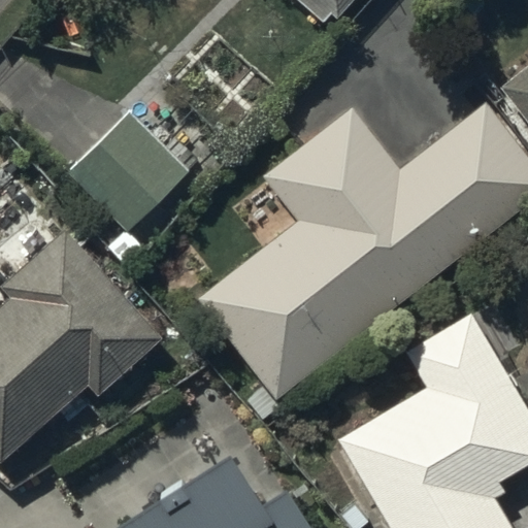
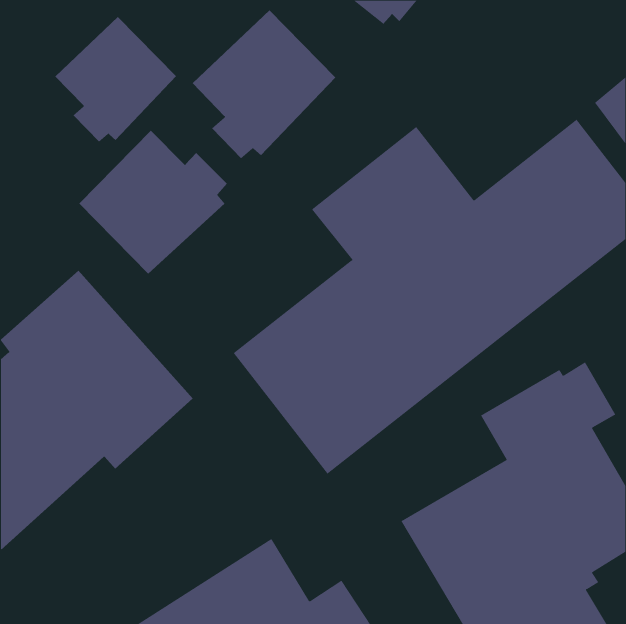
building: none -> [192,9,336,159]
building: none -> [55,16,177,142]

